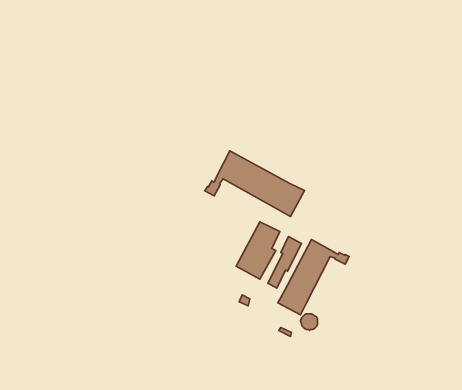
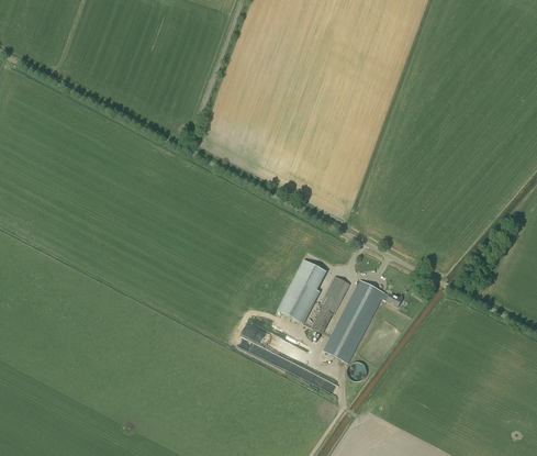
building: [205,151,305,216] -> none

